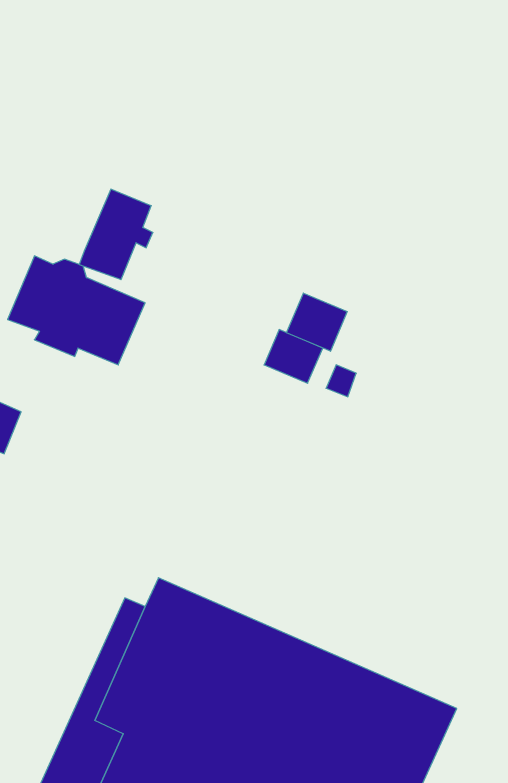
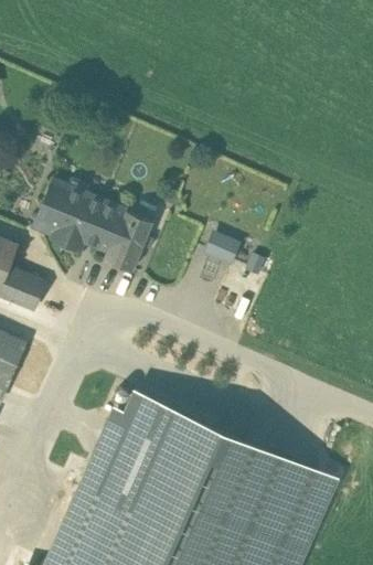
building: [79,189,153,280] -> [106,212,154,271]
building: [287,293,347,351] -> none

